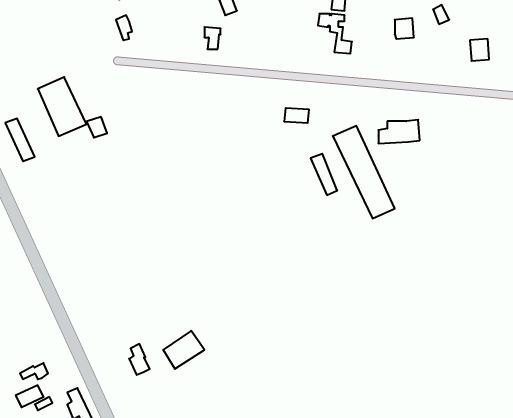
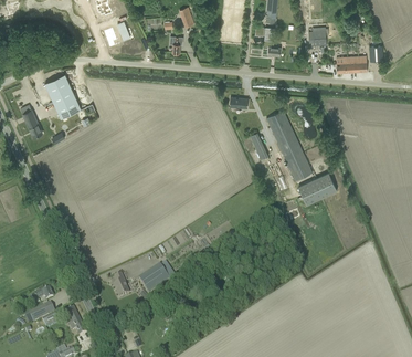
building: [378,120,420,143] -> [336,55,367,73]
building: none -> [297,174,336,204]

